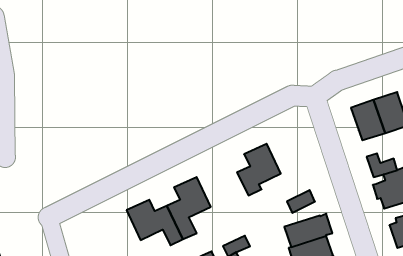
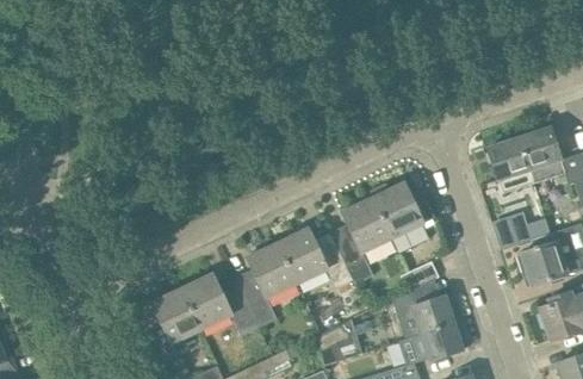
building: none -> [372,182,439,238]
building: none -> [277,228,353,288]
building: none -> [150,288,200,343]

